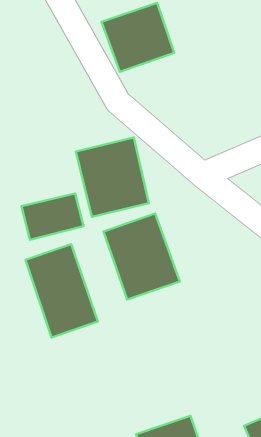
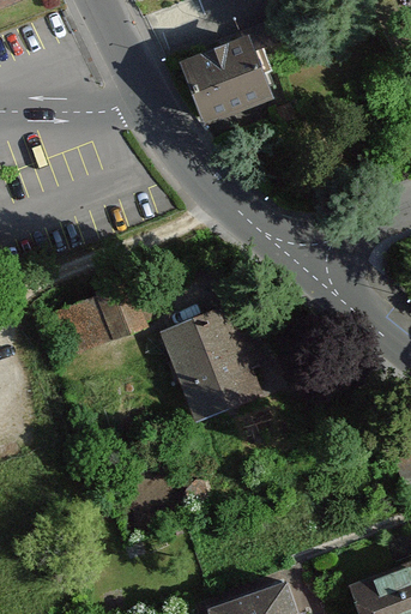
building: [76,137,149,217] -> none
building: [25,244,98,338] -> none

